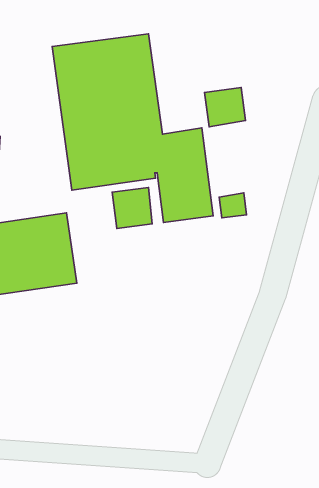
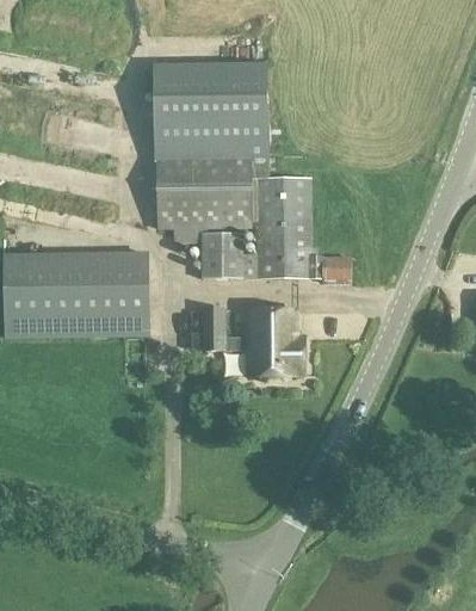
building: [204,87,246,127] -> none
building: none -> [202,307,304,375]

